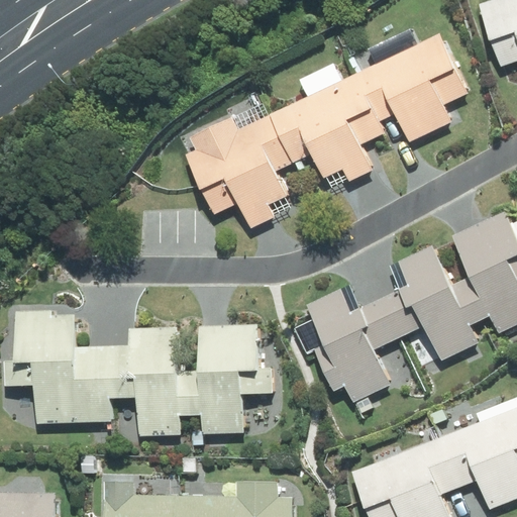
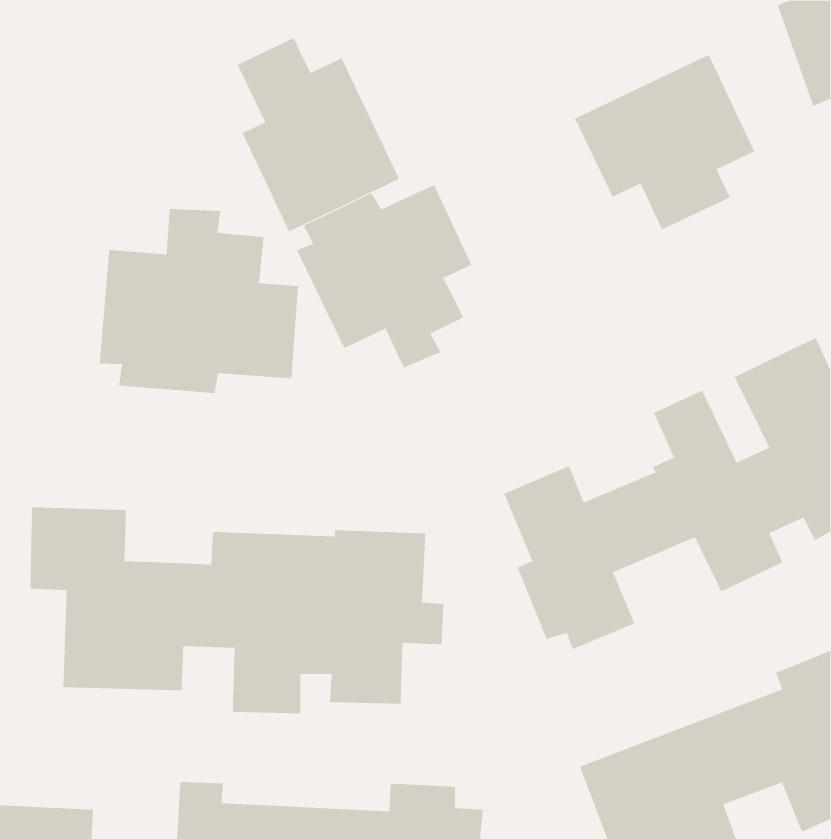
building: none -> [237,37,400,232]
building: [267,74,382,182] -> none
building: none -> [99,208,298,394]

